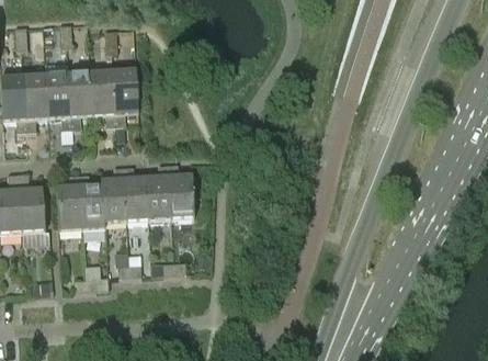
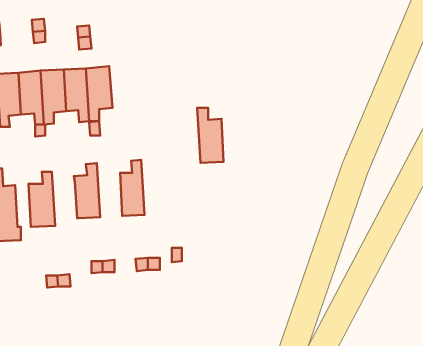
building: [167,162,193,217] -> [197,108,224,163]
building: [123,165,148,219] -> none
building: [78,173,105,228] -> none

